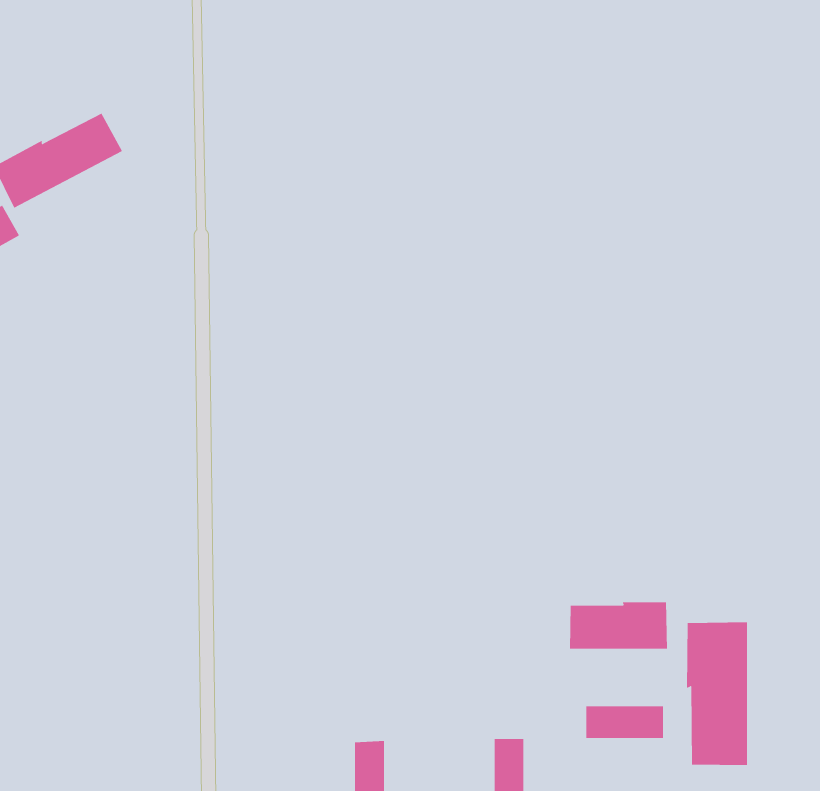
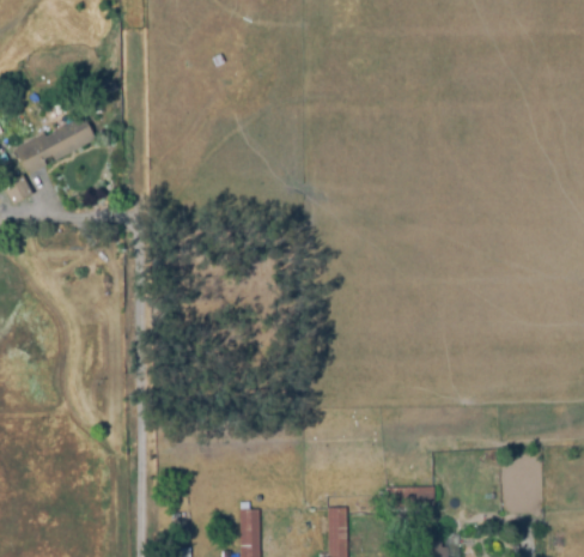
building: [569,601,667,649] -> none
building: [686,621,748,766] -> none

